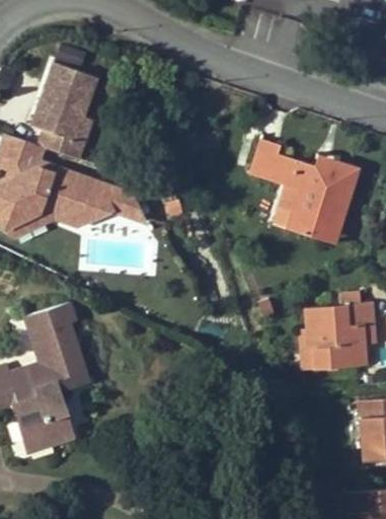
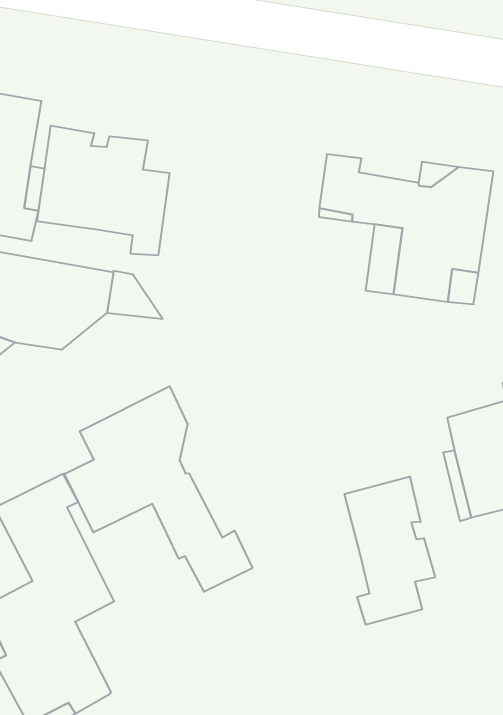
building: none -> [37,125,169,255]
building: none -> [64,386,252,592]
building: none -> [344,476,435,625]

